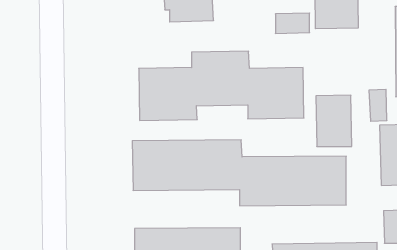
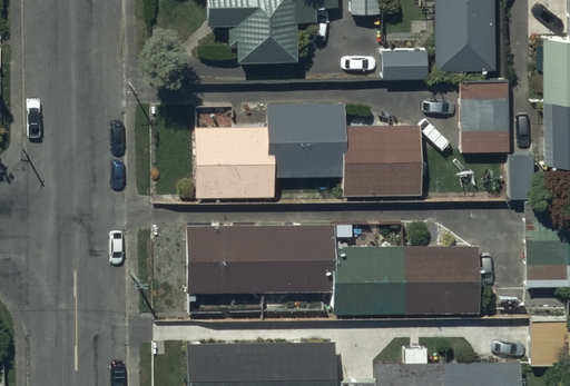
building: [316,95,352,146] -> [460,81,509,151]

